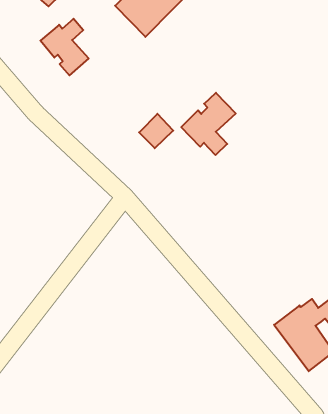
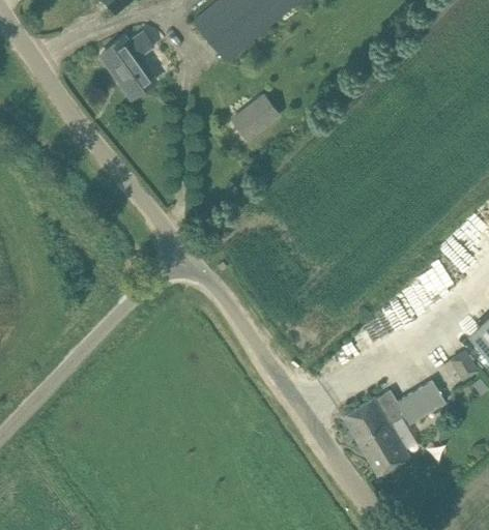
building: [181,93,236,155] -> none
building: [139,114,173,148] -> [231,100,271,141]

